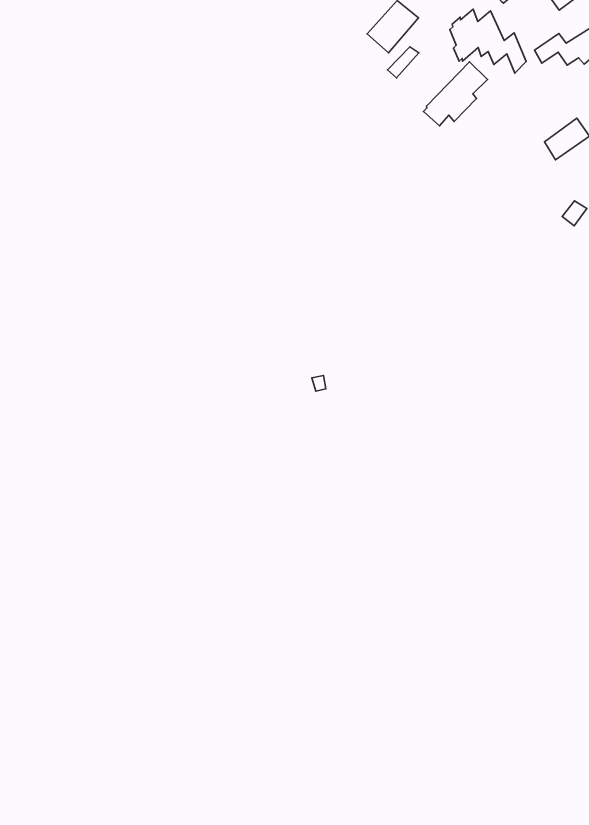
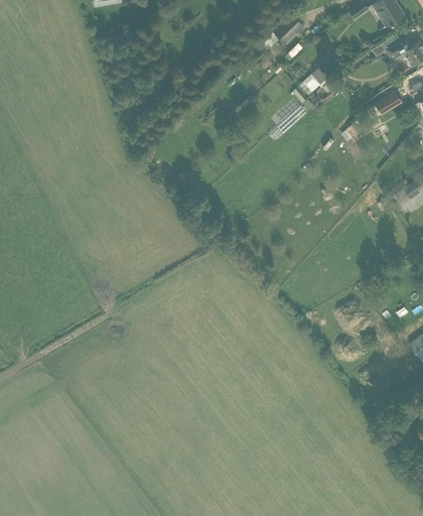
building: [450,9,526,73] -> none

